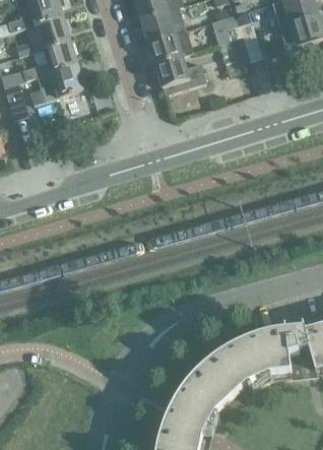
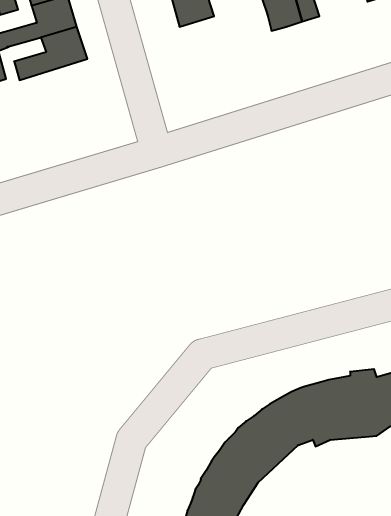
building: [154,55,204,92] -> none

